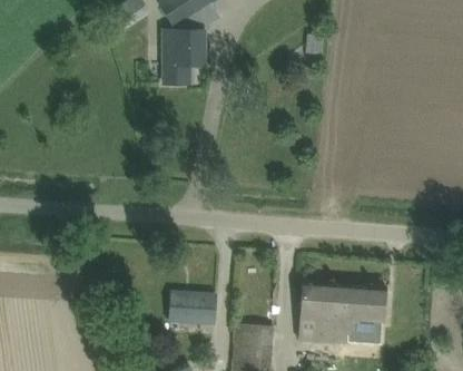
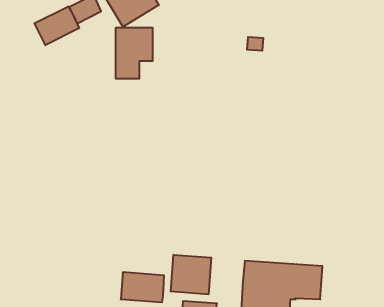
building: none -> [34,6,79,45]
building: none -> [171,255,211,294]

